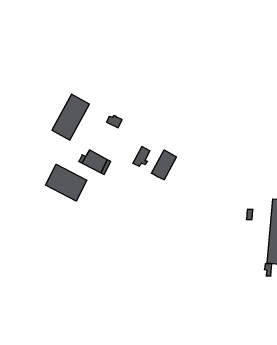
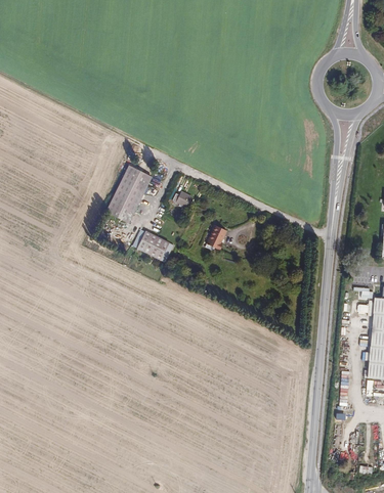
building: [151,150,176,180] -> none
building: [45,164,87,201] -> none

